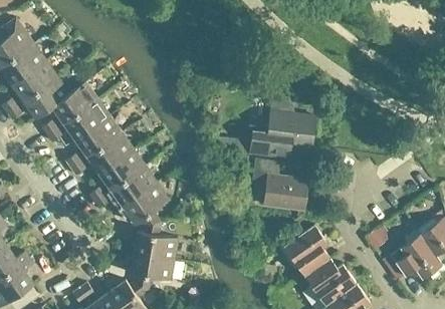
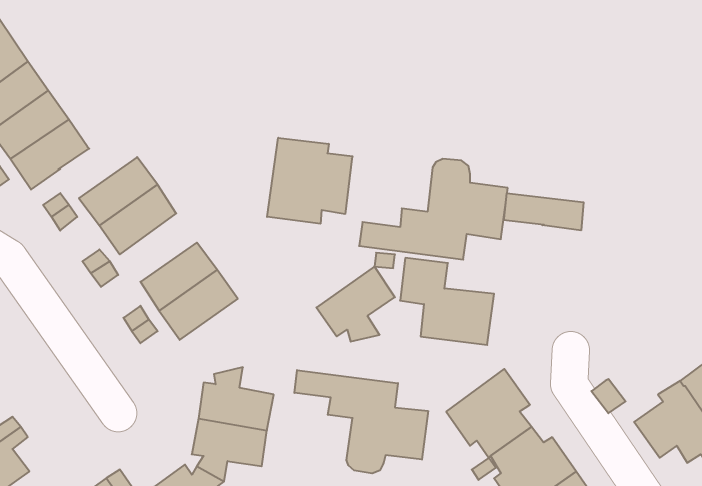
building: [51,81,97,123] -> none
building: none -> [267,138,353,224]
building: none -> [503,193,584,230]
building: [87,132,133,173] -> none
building: [123,183,169,227] -> [316,266,395,342]
building: none -> [294,370,428,473]

